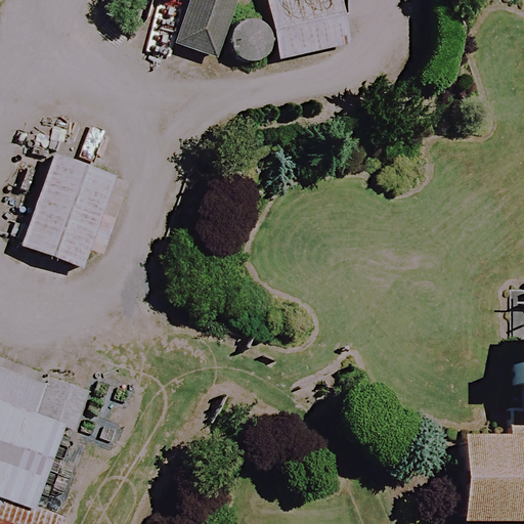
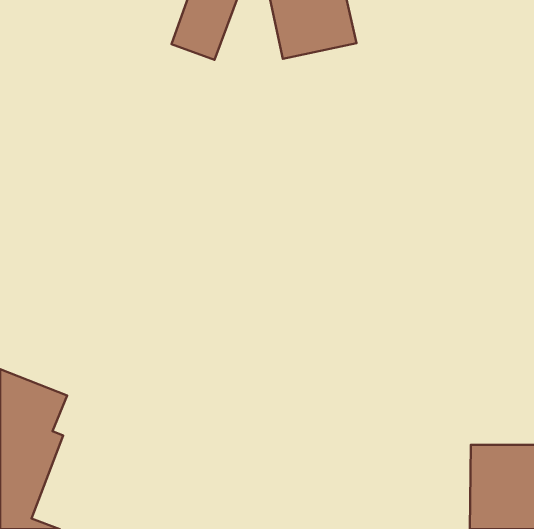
building: [23,155,122,269] -> none

